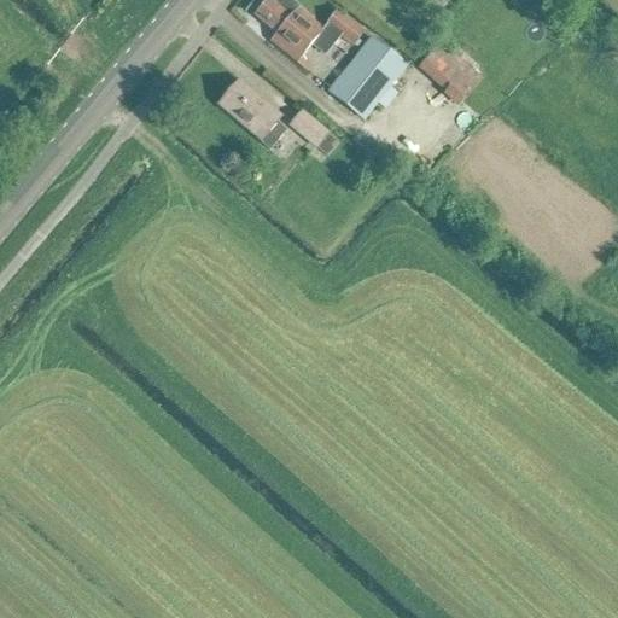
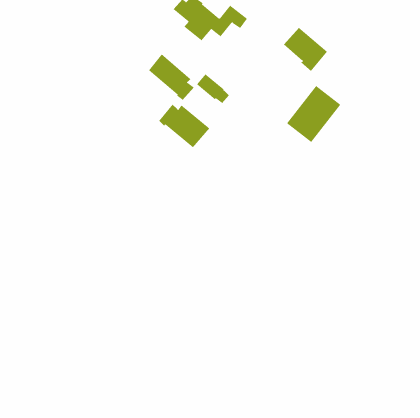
building: [327,34,408,118] -> [286,85,341,143]
building: none -> [159,104,210,148]

